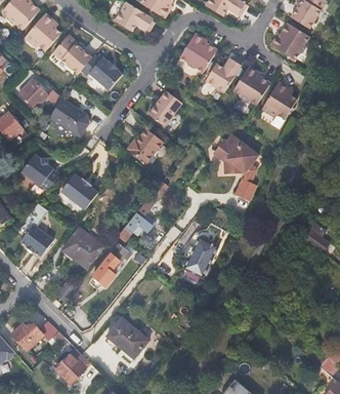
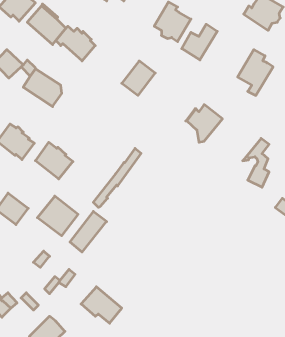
building: [235,64,271,103] -> none
building: [127,128,163,163] -> none
building: [230,149,257,198] -> [243,138,269,187]
building: [180,235,219,279] -> none

